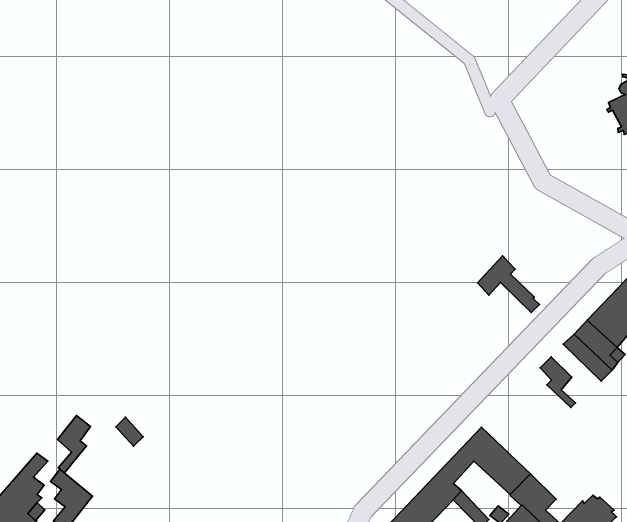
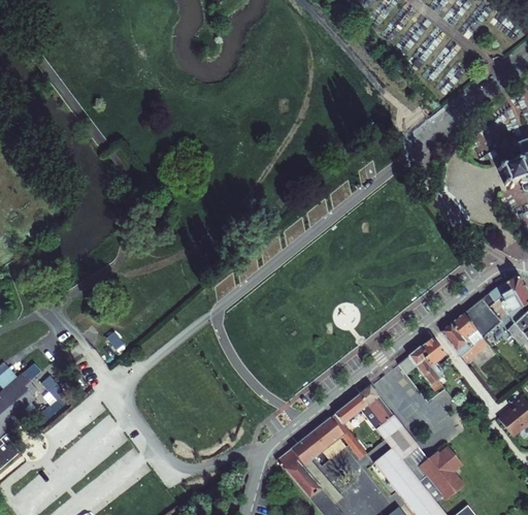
building: [477,256,539,312] -> [399,346,443,391]
building: [57,415,90,473] -> none

